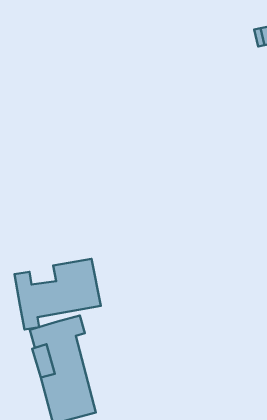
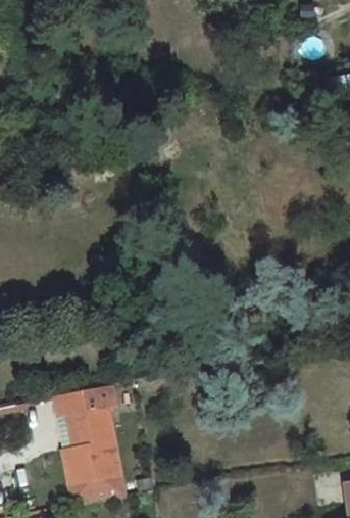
building: [15,259,101,329] -> none

